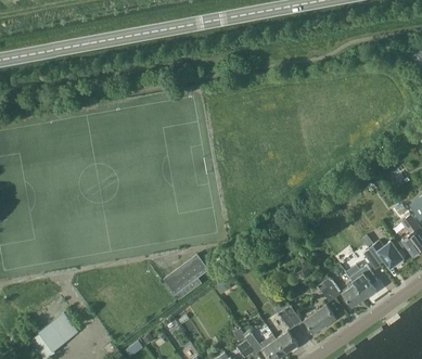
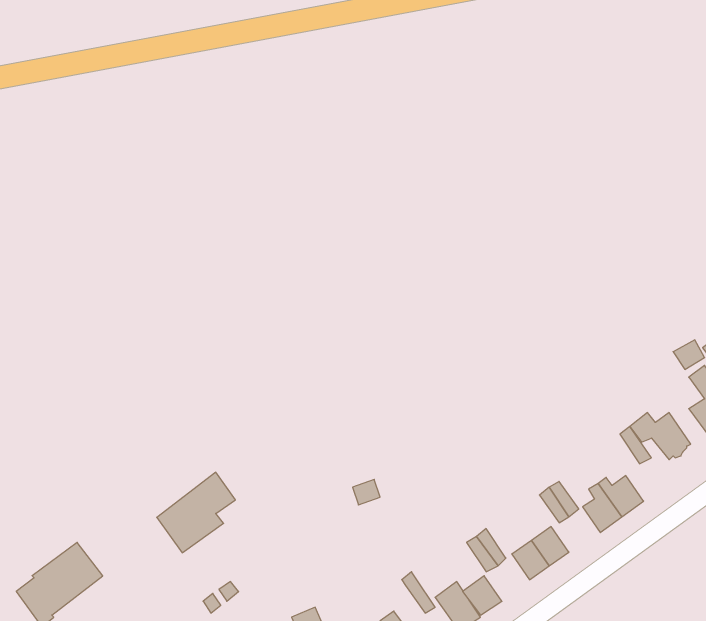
building: [164,255,207,299] -> [157,472,235,553]

